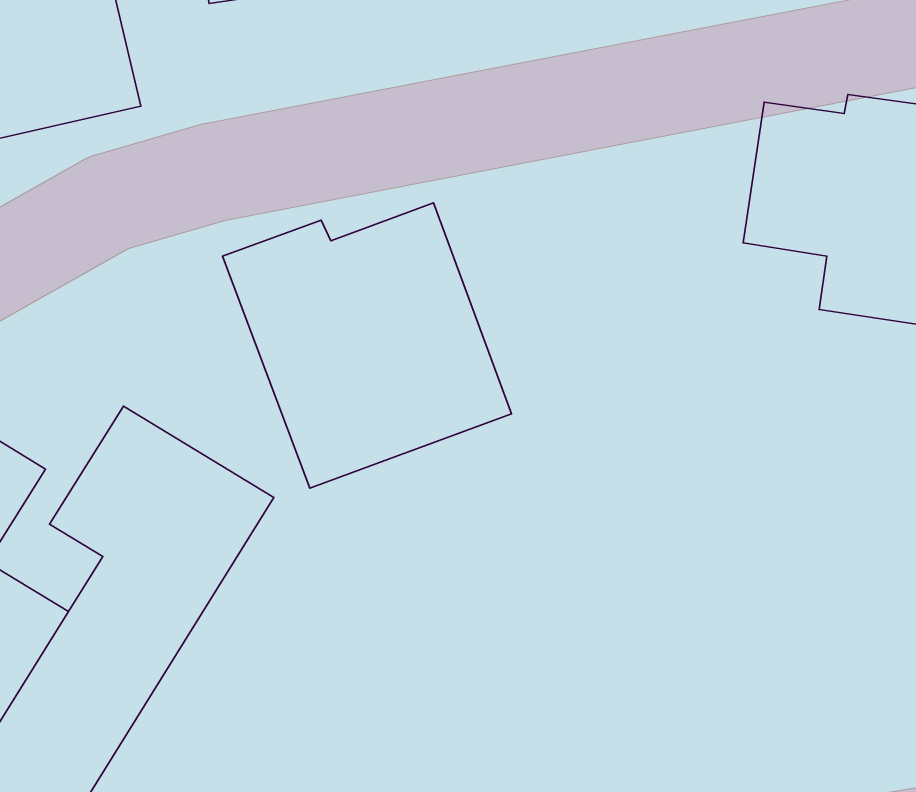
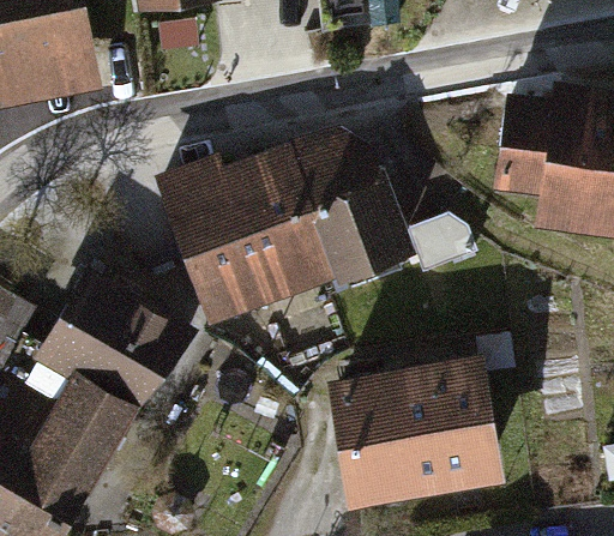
building: none -> [288,135,414,285]
building: none -> [325,354,498,496]

